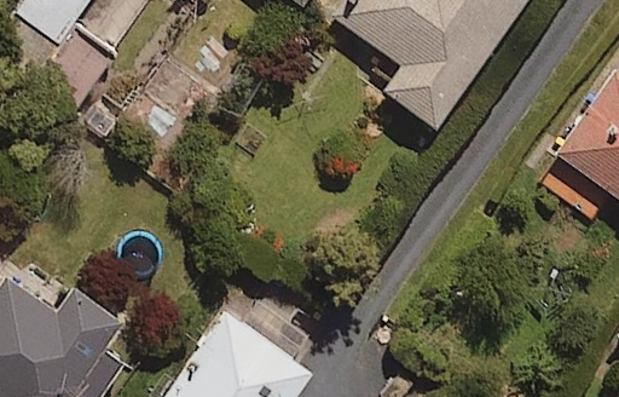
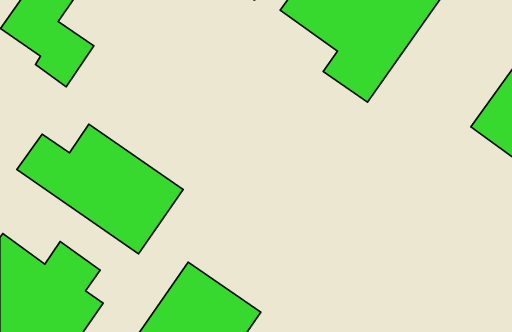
building: none -> [17,124,183,254]

